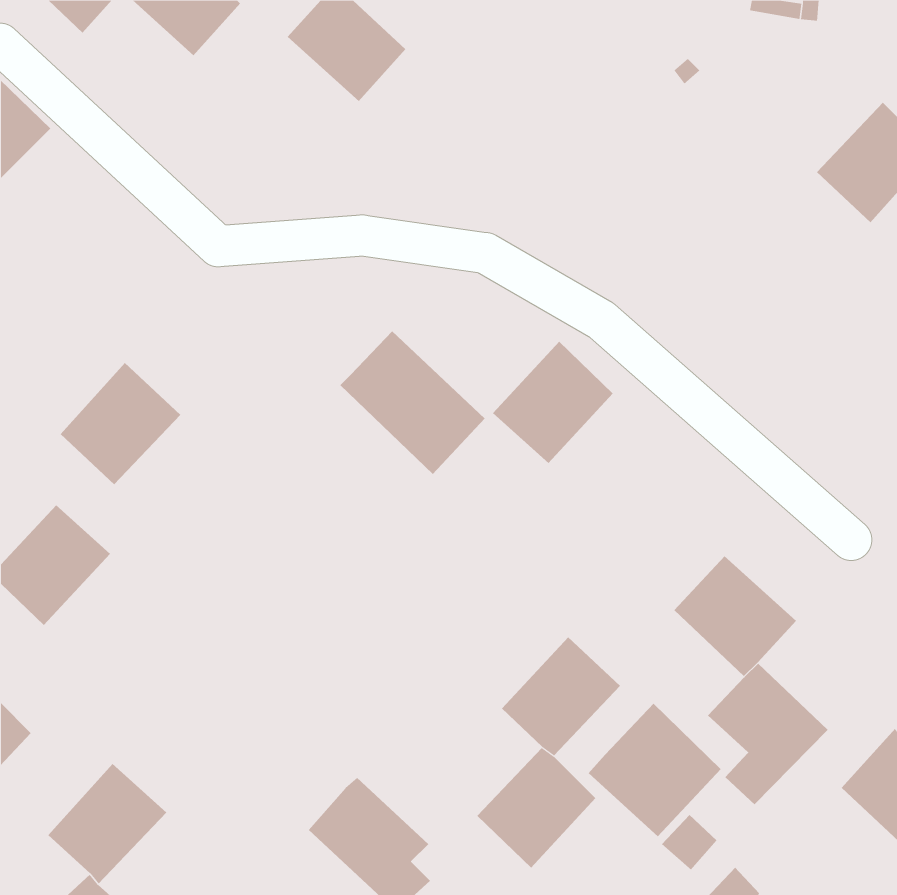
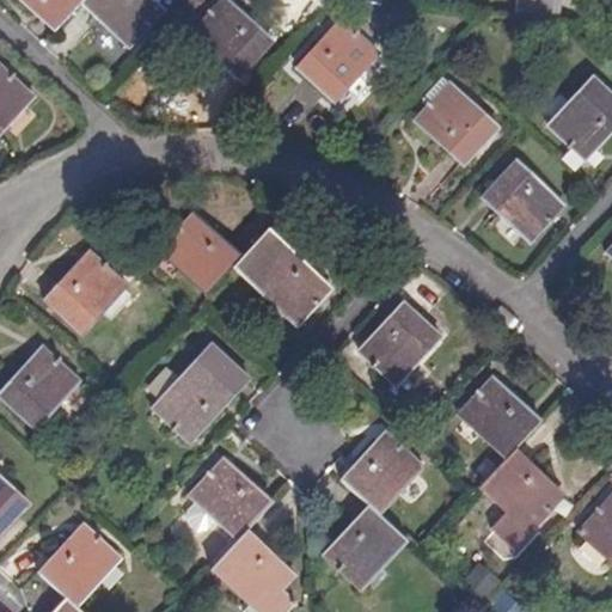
building: none -> [304,13,385,93]
building: none -> [422,73,506,158]
building: none -> [489,155,571,238]
building: none -> [158,213,239,294]
building: [492,341,614,464] -> [357,304,440,387]
building: none -> [151,343,246,440]
building: none -> [188,457,269,538]
building: [588,703,721,837] -> none

